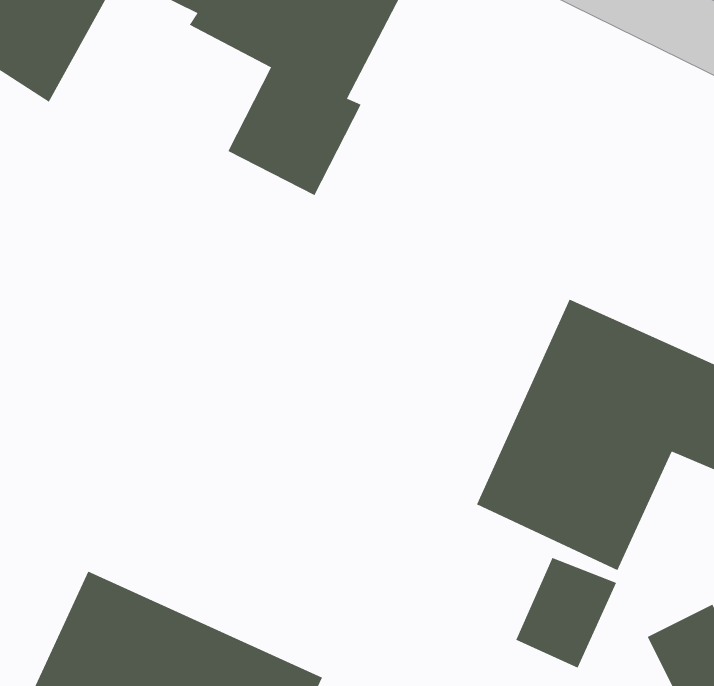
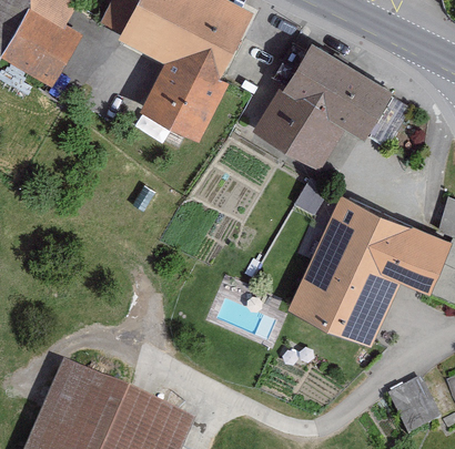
building: none -> [259,50,391,165]
building: [515,557,617,668] -> none

